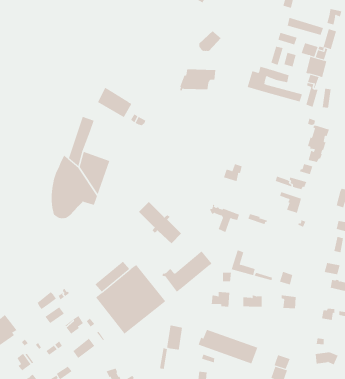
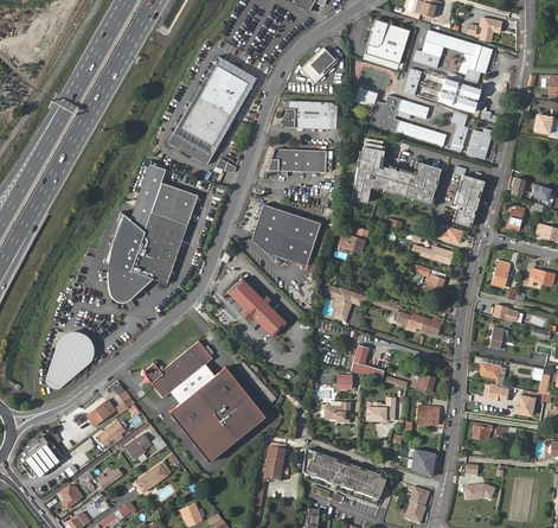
building: none -> [365,18,409,62]
building: none -> [185,65,249,144]
building: none -> [352,136,441,202]
building: none -> [271,151,327,178]
building: none -> [150,183,197,223]
building: none -> [255,204,320,266]
building: none -> [398,311,444,333]
building: none -> [46,330,96,388]
building: [162,250,212,292] -> [141,337,210,394]
building: none -> [412,447,438,477]

